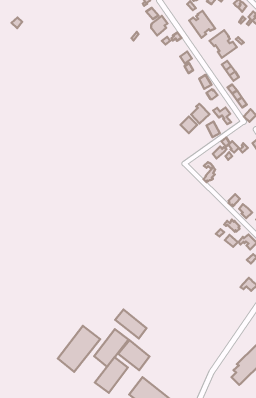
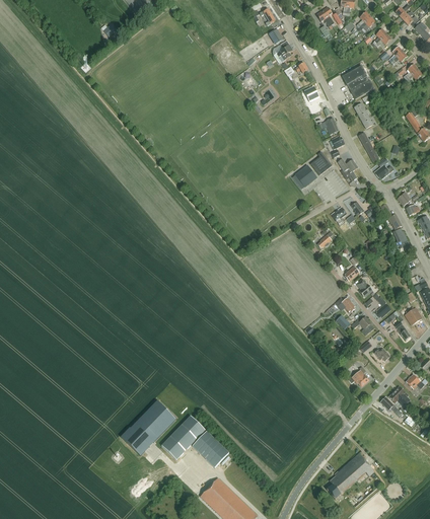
building: [189,11,215,38] -> none
building: [115,310,147,338] -> none
building: [95,357,128,393] -> none

